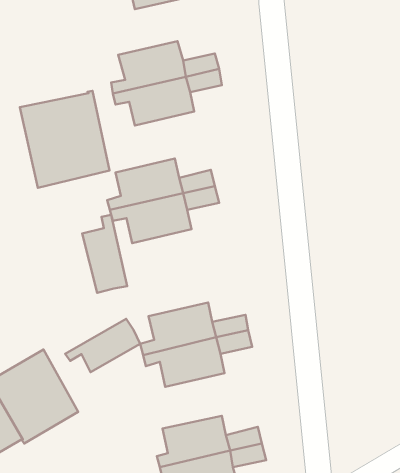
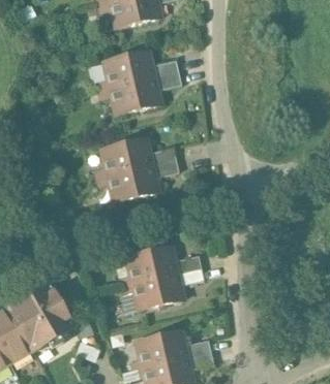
building: [20,91,110,188] -> none
building: [82,215,127,293] -> none
building: [65,319,140,372] -> none

